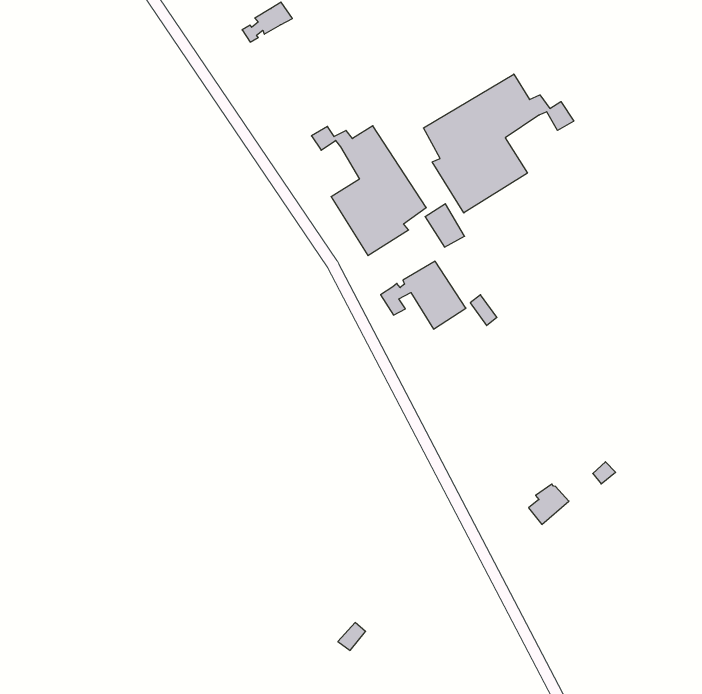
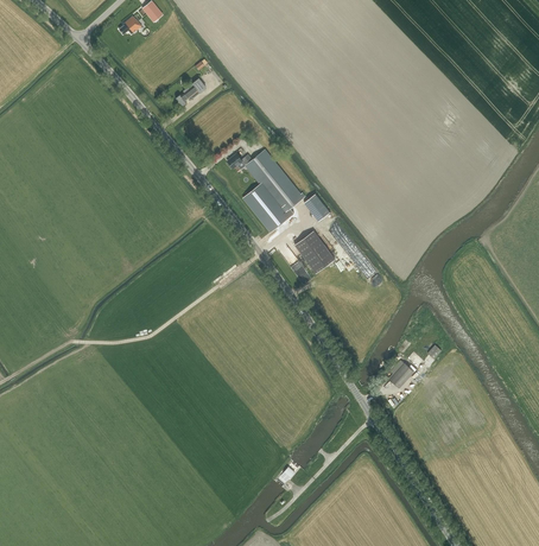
building: [423,74,574,213] -> none

